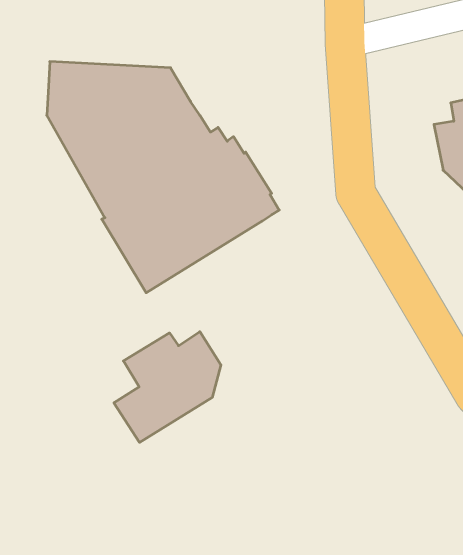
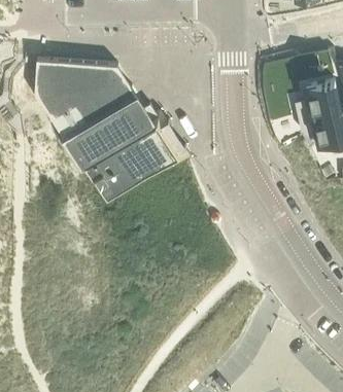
building: [114,332,221,442] -> none

